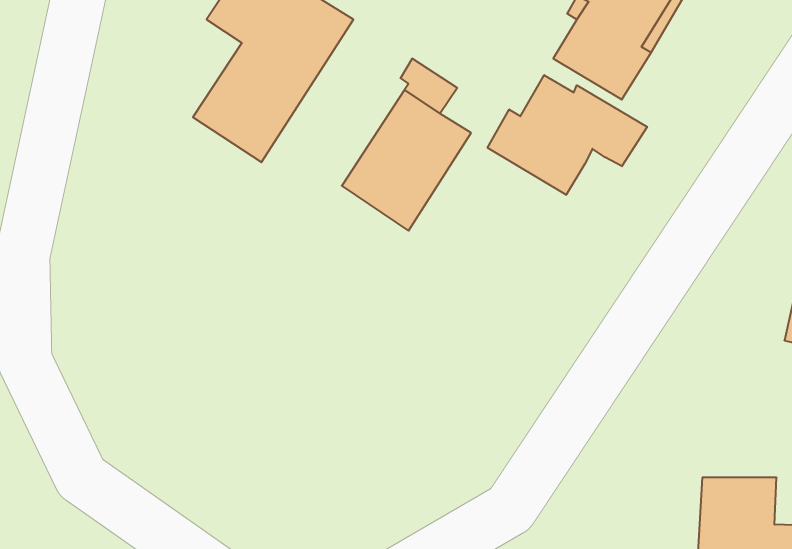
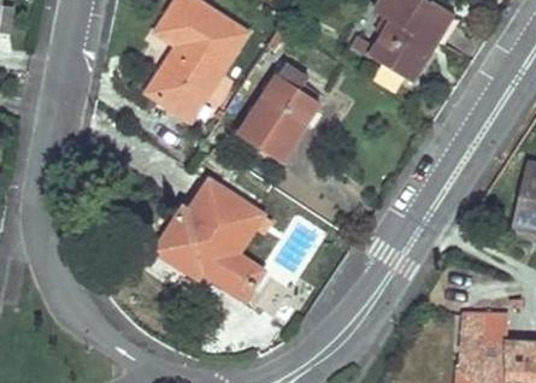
building: [488,75,647,195] -> none
building: none -> [155,181,261,297]

